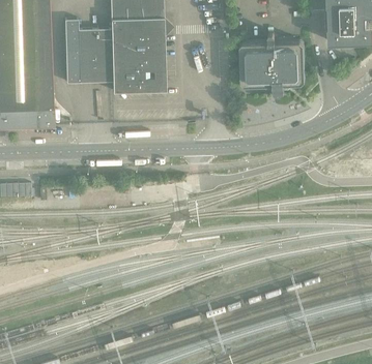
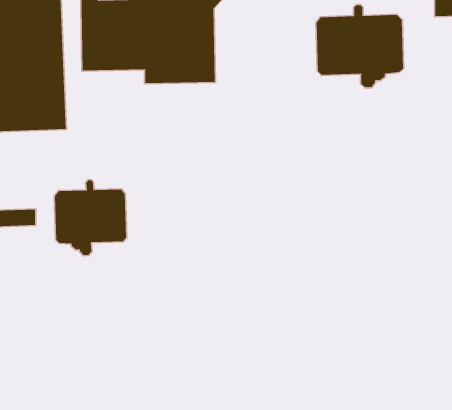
building: none -> [54,179,127,256]

